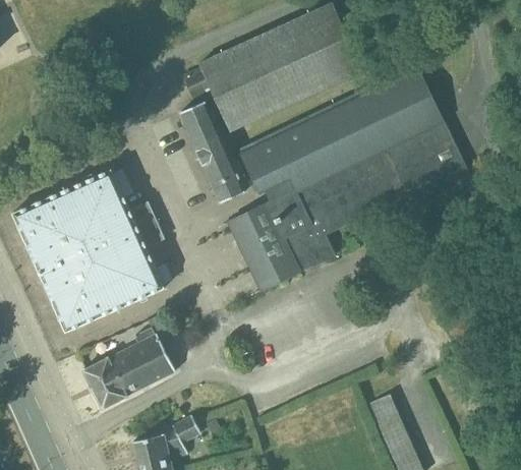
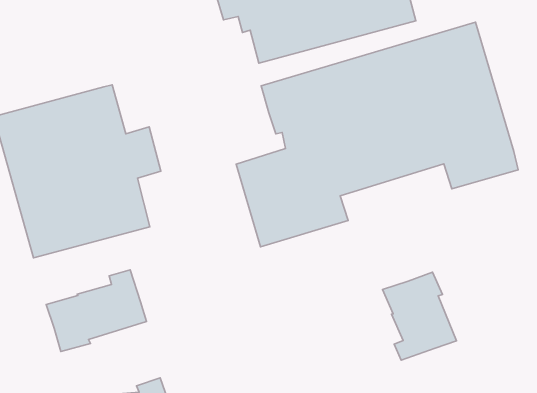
building: [180,102,243,201] -> none
building: none -> [383,272,456,360]

